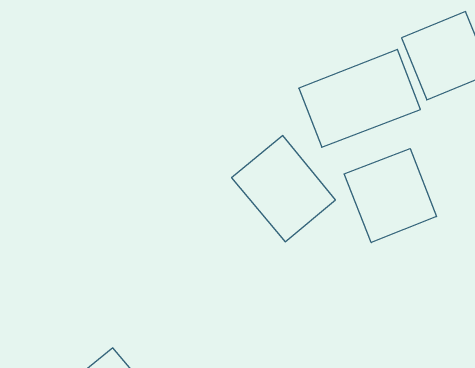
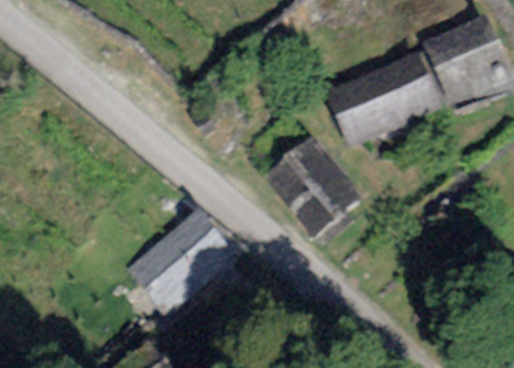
building: [344,149,436,243] -> none
building: none -> [127,207,240,315]

